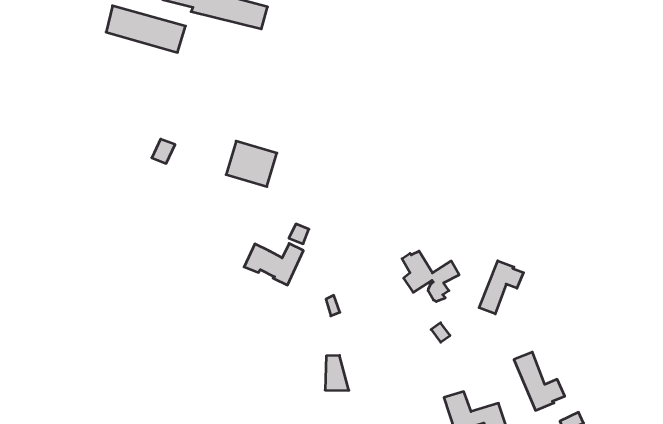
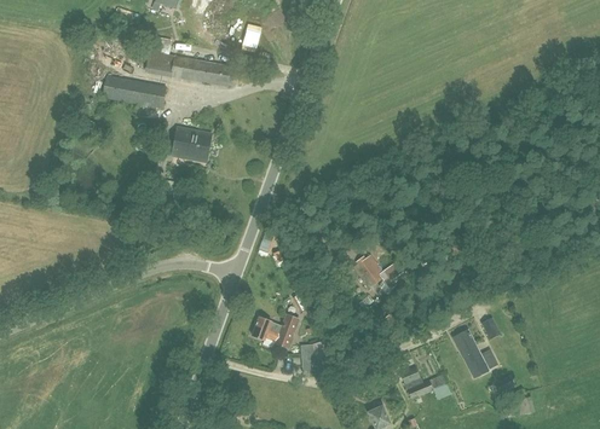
building: [226,141,277,187] -> [172,127,212,162]
building: [244,243,303,285] -> [252,314,299,348]
building: [479,261,524,314] -> none

